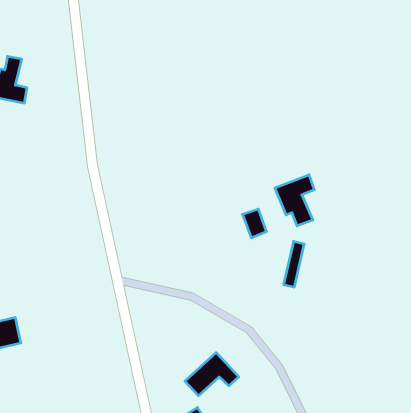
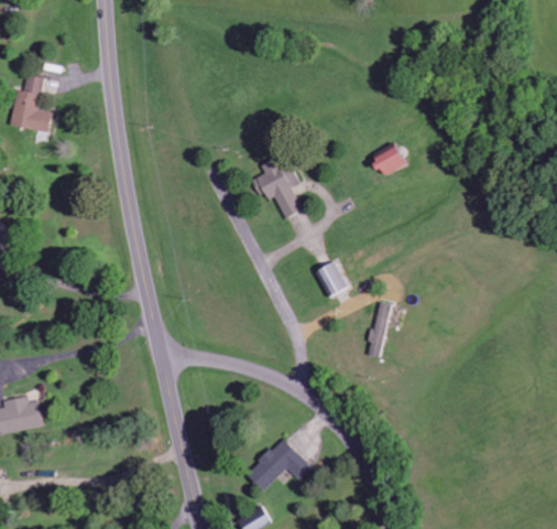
building: none -> [368,148,403,175]
building: none -> [252,152,303,217]
building: [275,175,314,226] -> none

